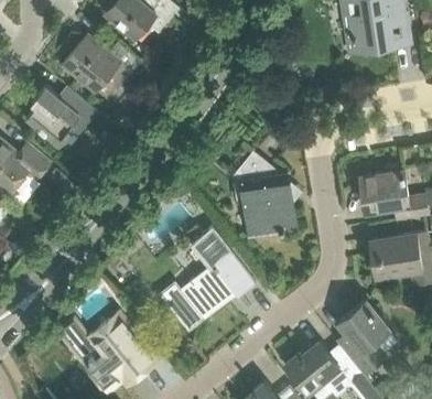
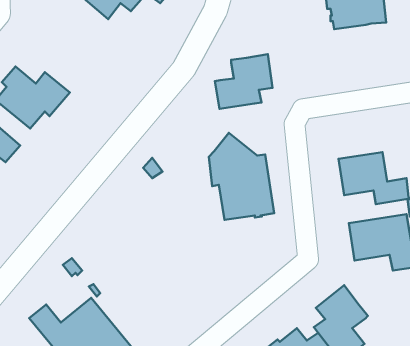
building: [63,36,140,90] -> none
building: none -> [215,54,273,109]
building: [158,226,255,331] -> none

